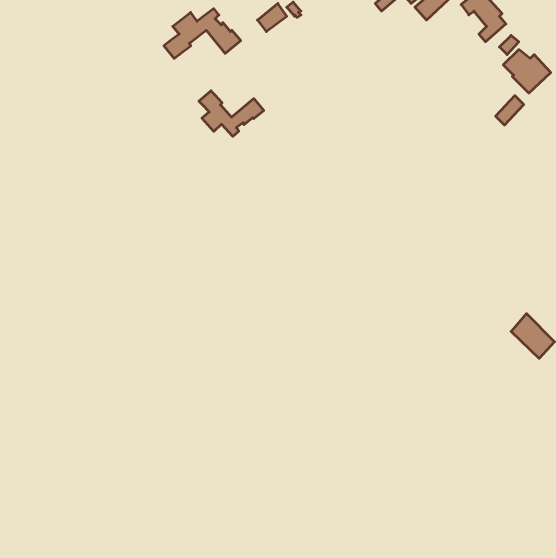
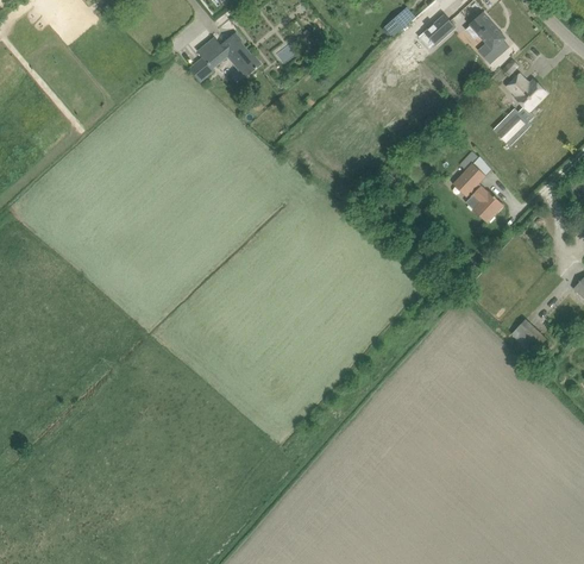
building: [199,91,264,136] -> none
building: none -> [458,149,503,221]

